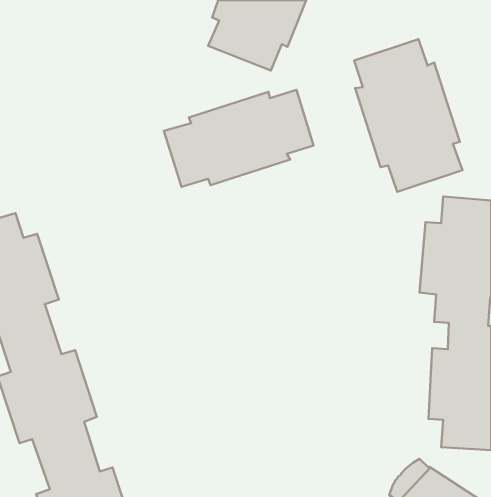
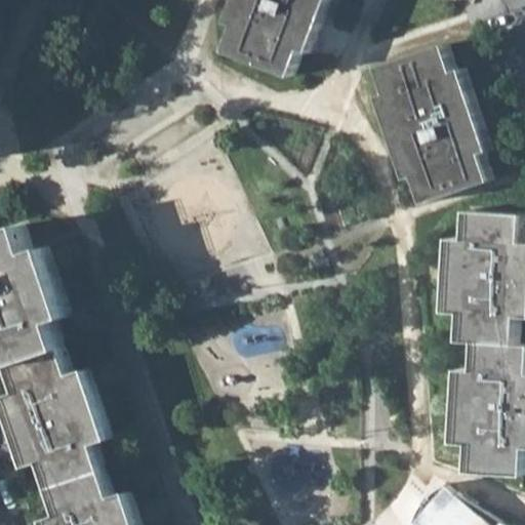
building: [164,90,313,187] -> none

